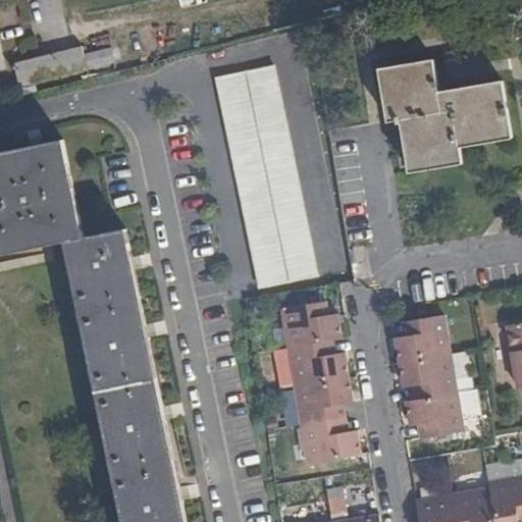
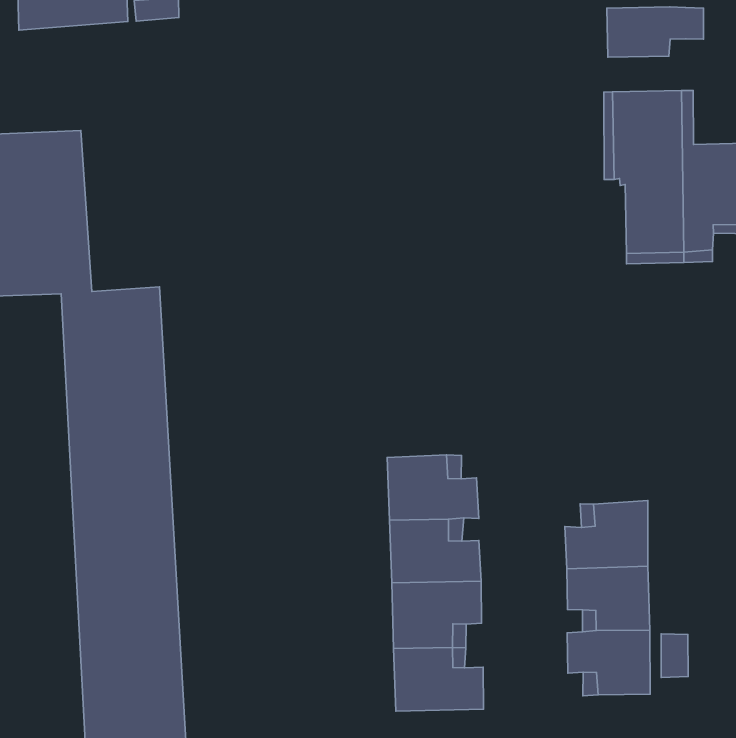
building: none -> [607,7,704,57]
building: [215,66,314,289] -> none

